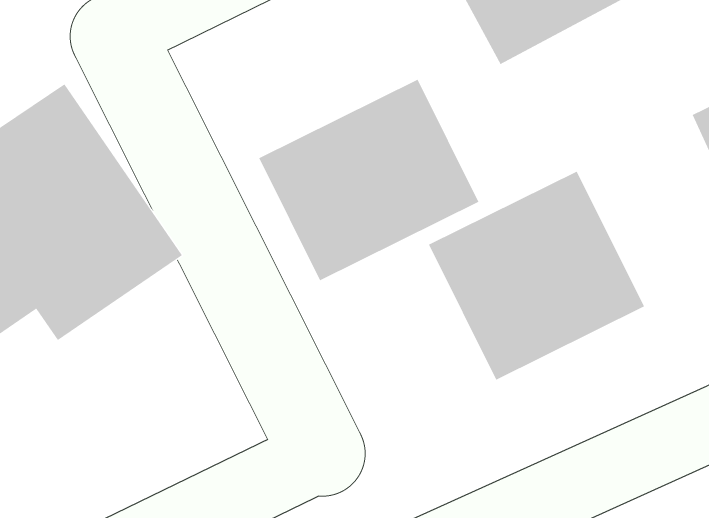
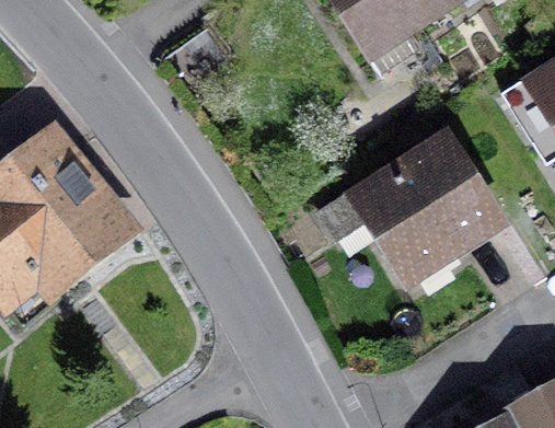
building: [258,79,479,281] -> none

